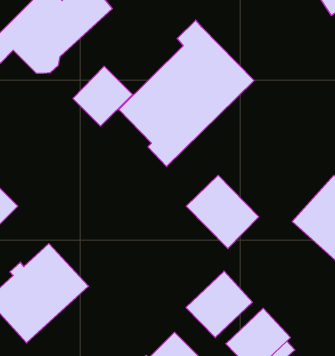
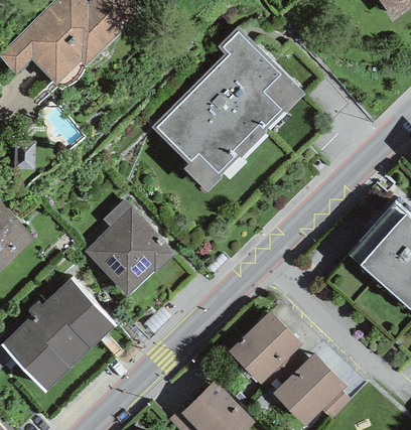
building: [73,66,132,126] -> none
building: none -> [84,198,174,296]
building: [186,175,259,249] -> none

